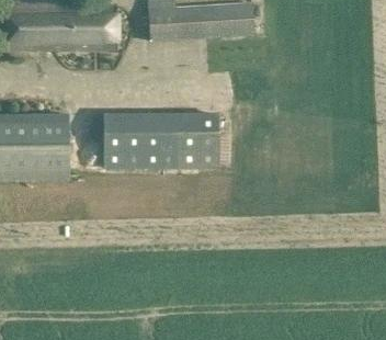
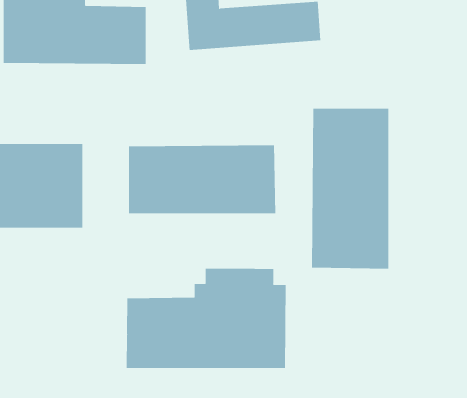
building: none -> [311,108,389,270]
building: none -> [126,268,286,369]

